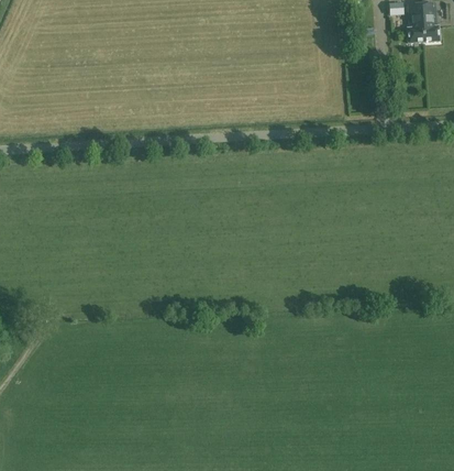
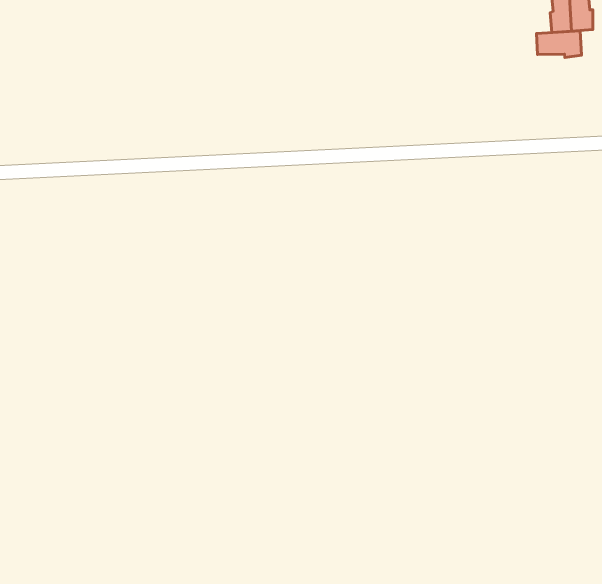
building: none -> [537,31,581,58]

